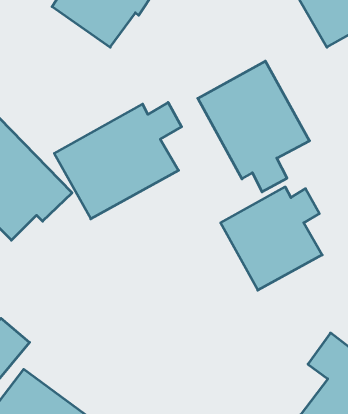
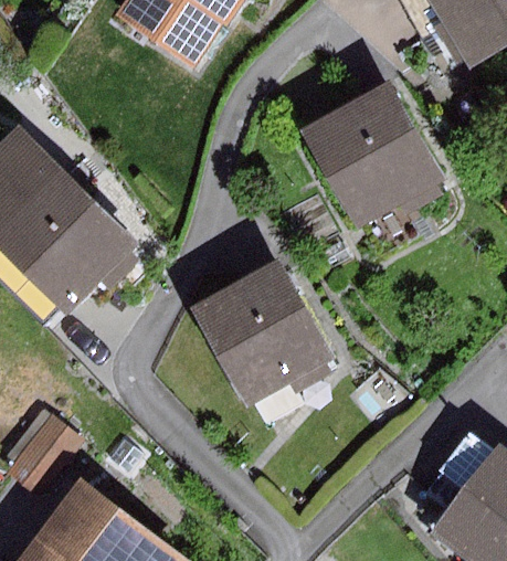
building: [54,102,182,219] -> none
building: [221,187,322,290] -> none
building: none -> [193,263,334,407]

